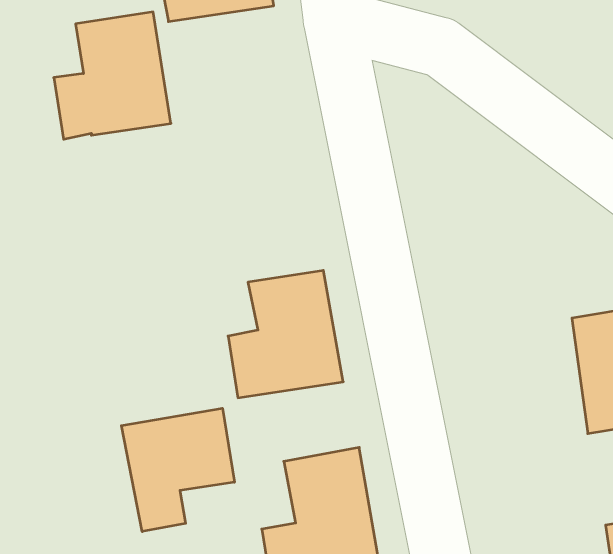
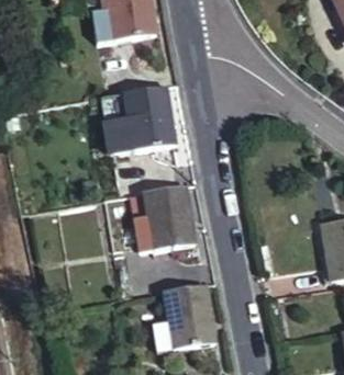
building: [54,12,171,139] -> [111,84,176,155]
building: [121,408,234,532] -> none

